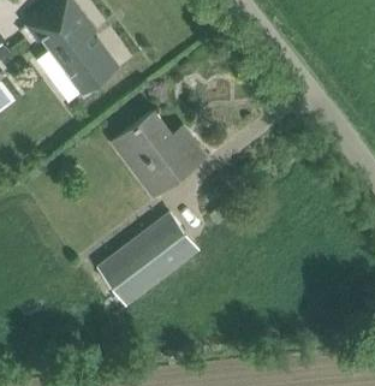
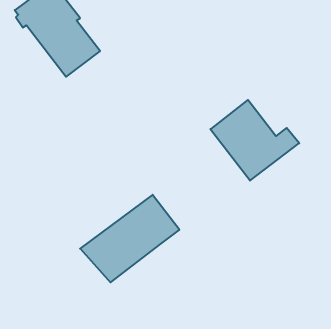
building: [114,112,206,195] -> [210,100,299,181]

